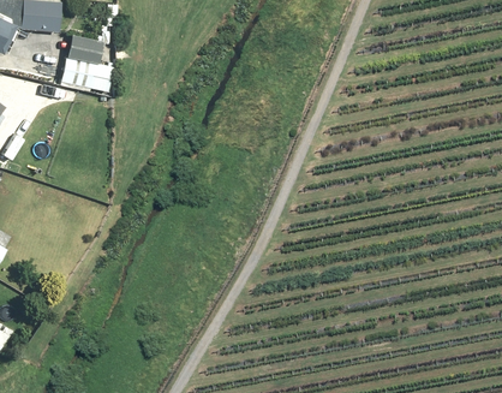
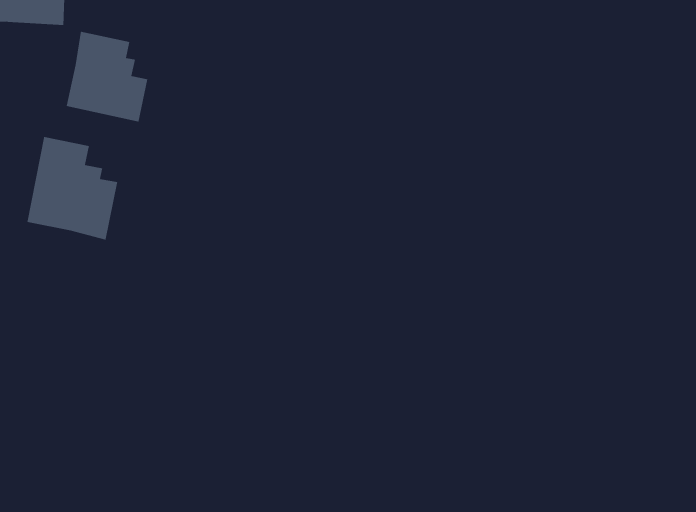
building: none -> [27,136,118,241]

